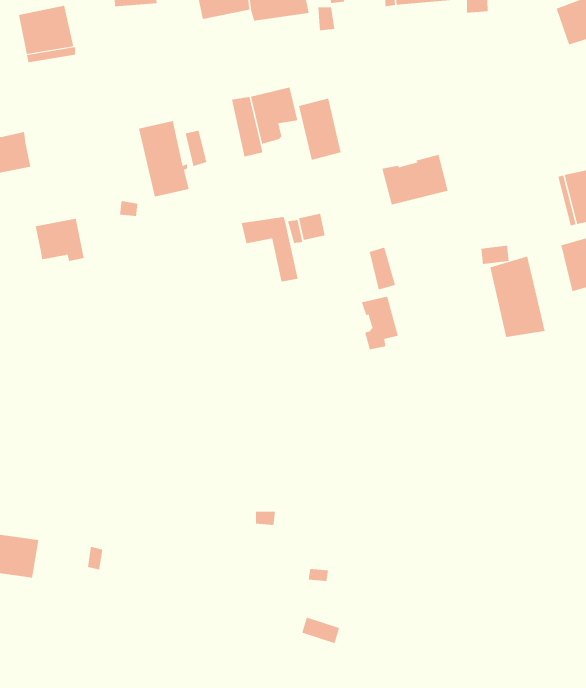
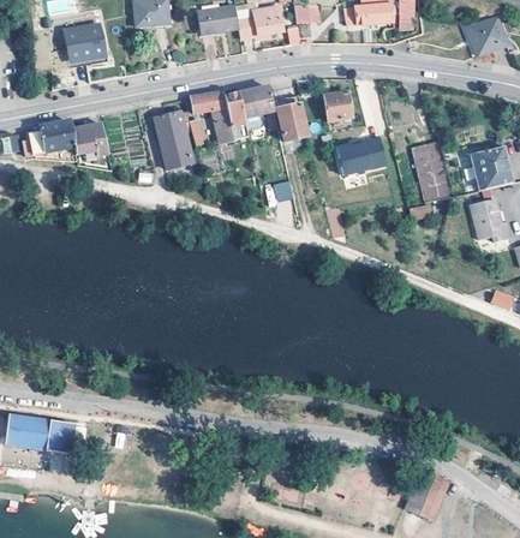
building: none -> [323,90,351,120]
building: [241,217,299,282] -> [190,91,233,141]
building: [35,218,85,261] -> [70,121,107,154]
building: [490,256,546,338] -> [412,139,454,201]
building: [361,296,399,350] -> none
building: none -> [407,468,452,521]

